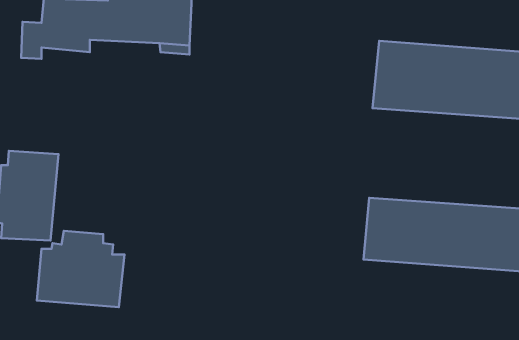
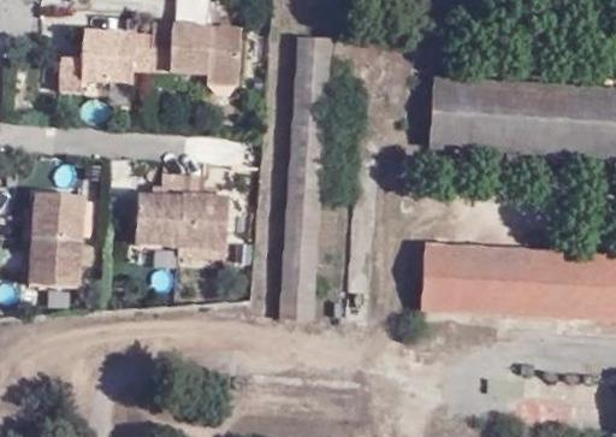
building: none -> [274,36,333,317]
building: [37,231,124,307] -> [141,172,235,254]

